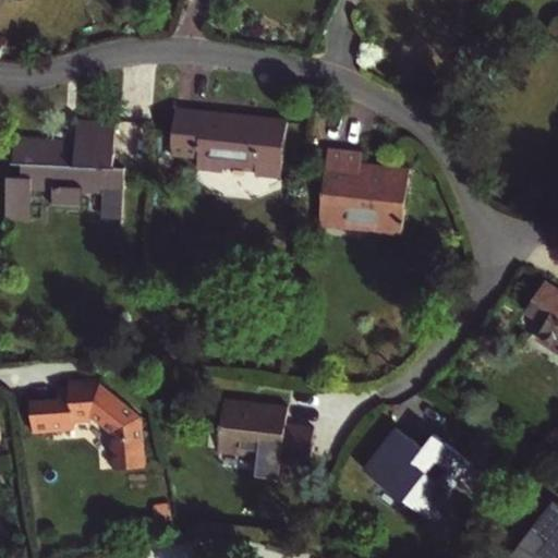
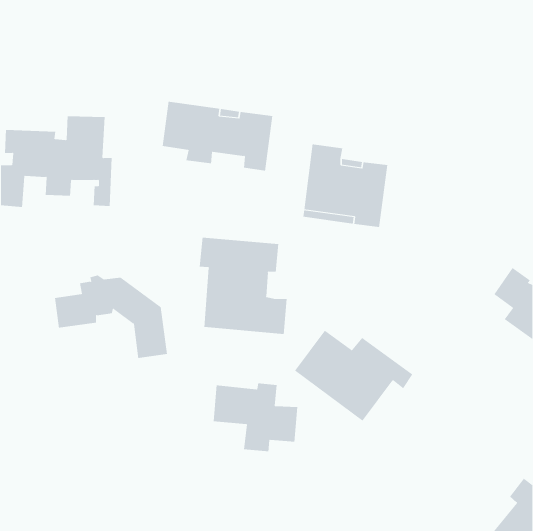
building: none -> [199,237,287,335]
building: [29,376,148,463] -> [54,275,168,358]
building: [366,430,490,526] -> [294,330,413,422]

